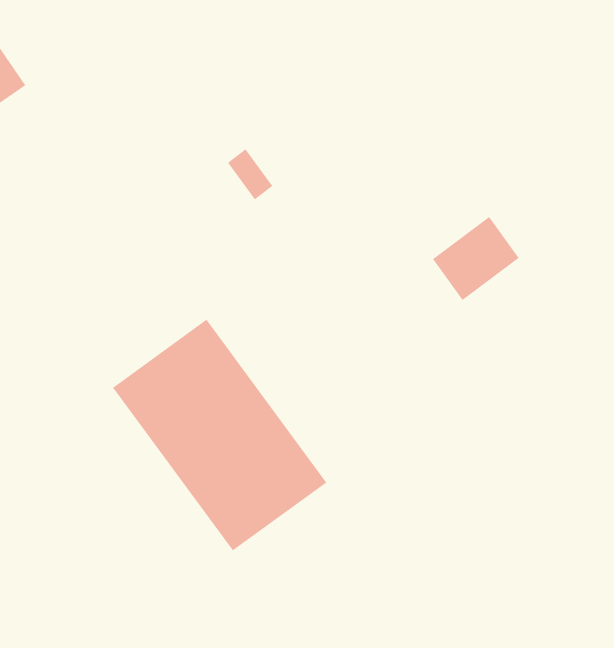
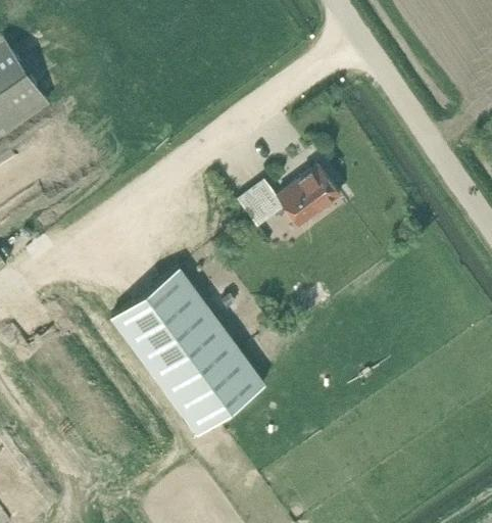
building: [227,149,273,200] -> [238,191,270,228]
building: [432,216,520,301] -> [277,167,339,227]

